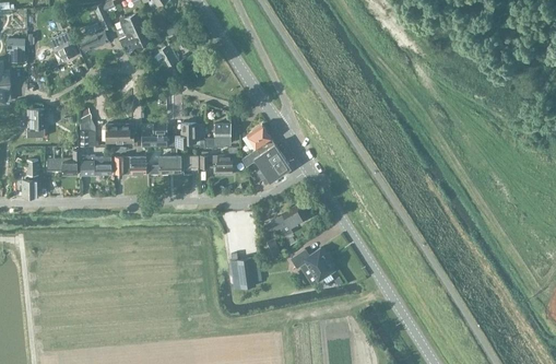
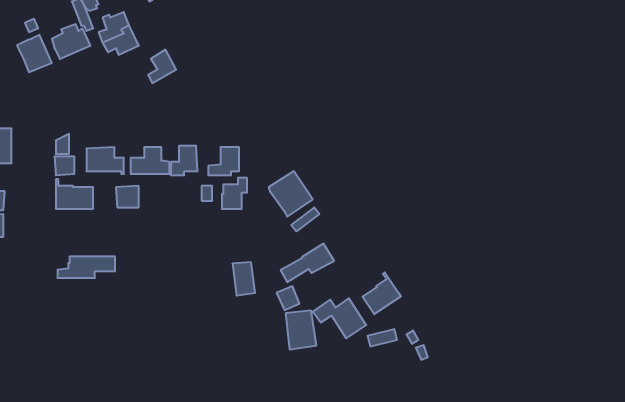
building: [241,125,274,167] -> none
building: [46,150,80,176] -> none
building: [150,156,197,174] -> [57,257,115,278]
building: none -> [363,272,401,314]
building: [229,258,255,290] -> [286,311,316,349]

